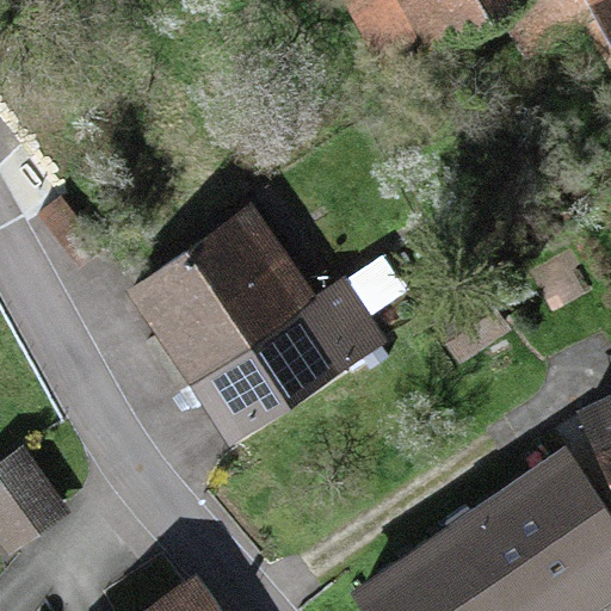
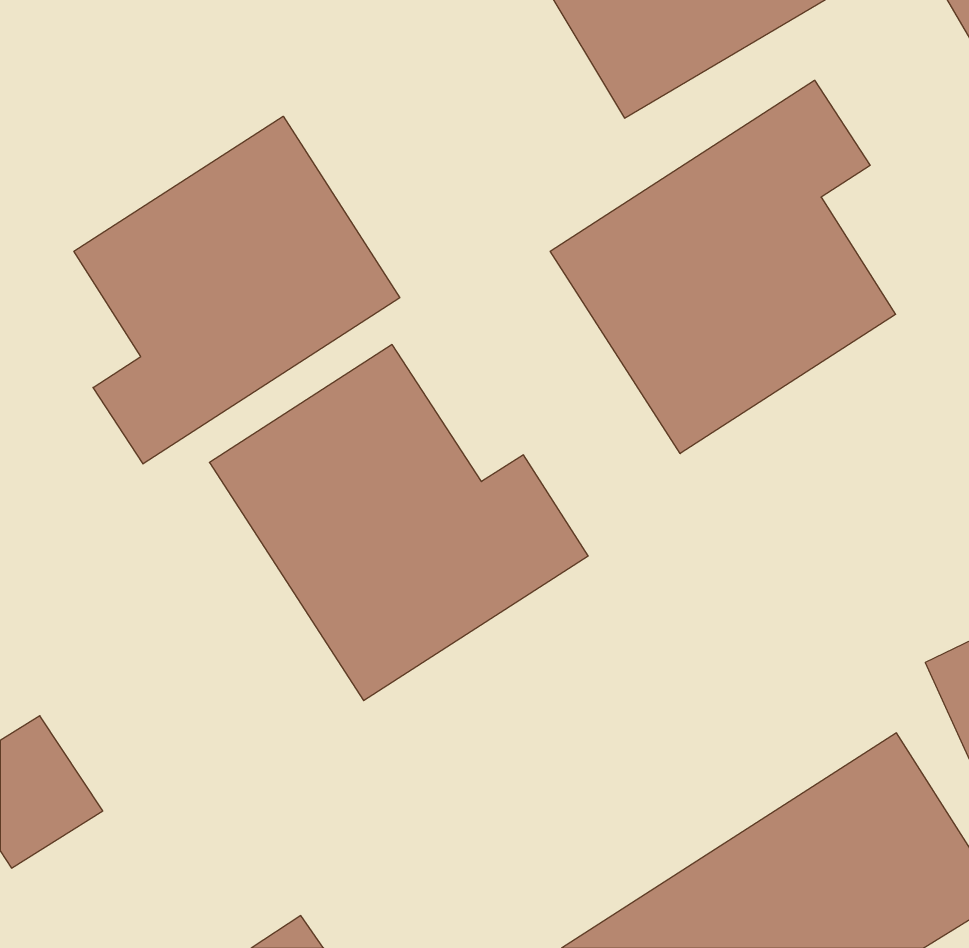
building: none -> [550,80,896,454]
building: none -> [74,116,400,464]

